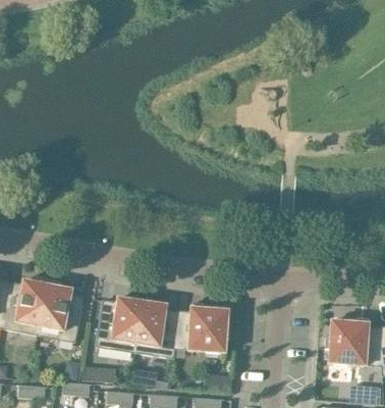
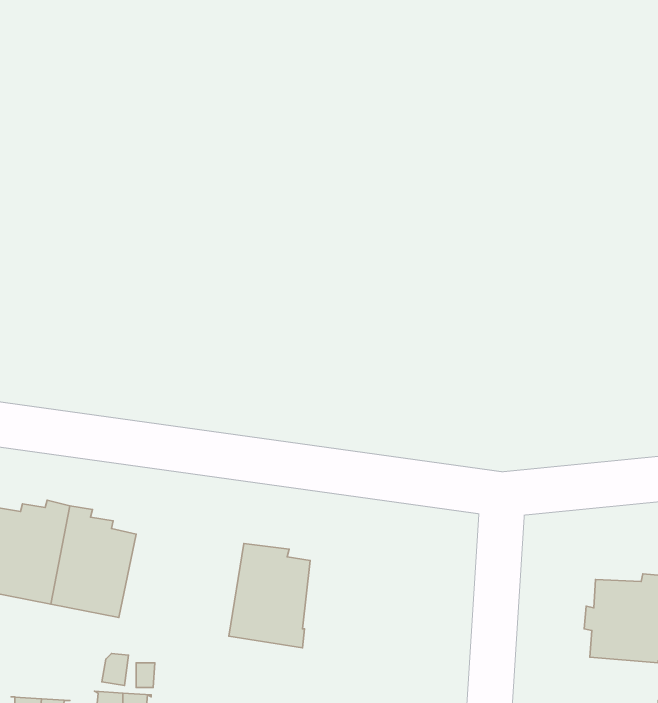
building: [97,297,143,351] -> none
building: [174,303,231,352] -> none

